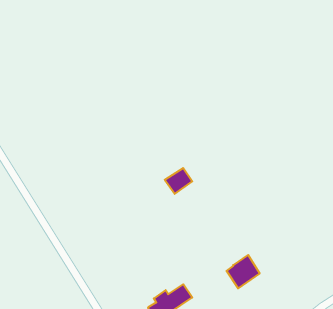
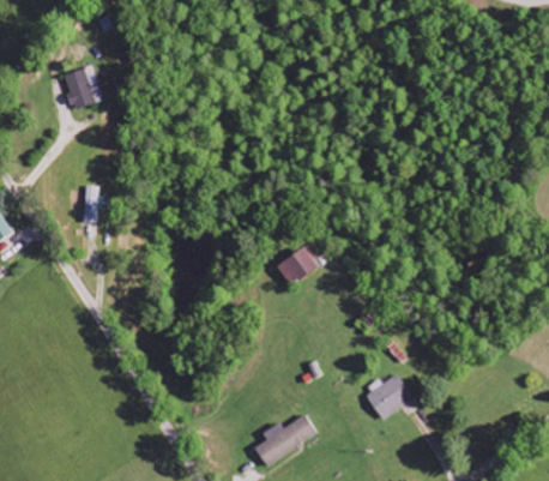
building: none -> [62,70,96,110]
building: none -> [84,186,108,223]

